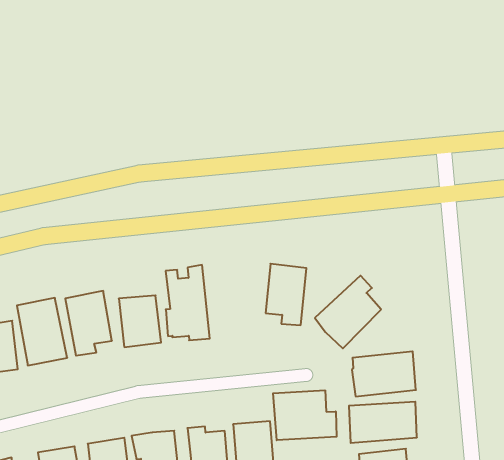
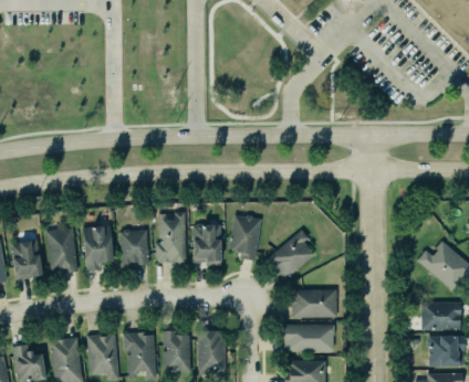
building: none -> [194,225,222,264]
building: [273,390,337,440] -> none

